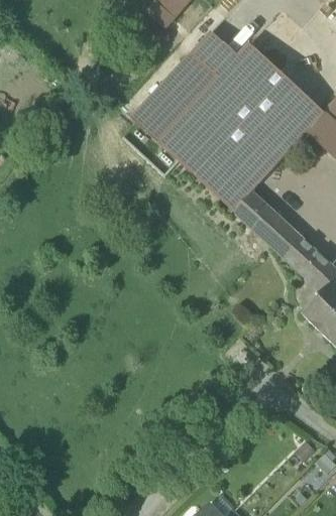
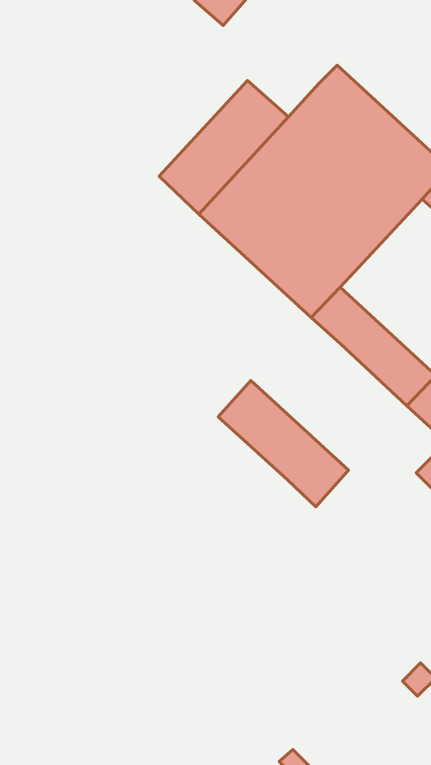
building: [191,31,238,78] -> none
building: none -> [218,380,348,507]

